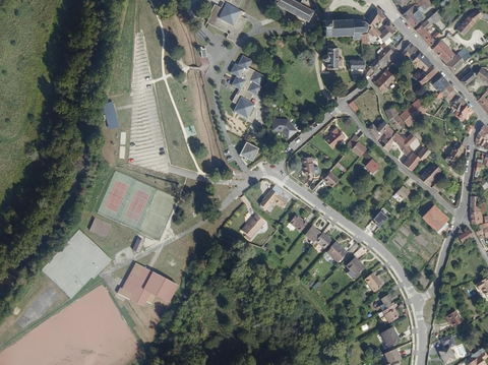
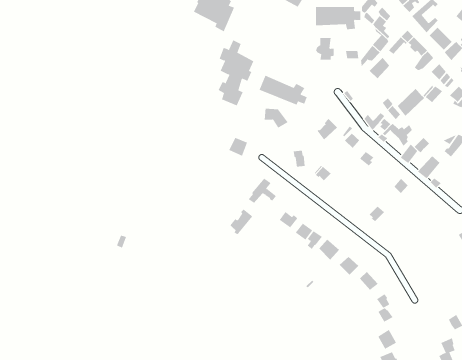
building: none -> [259,75,307,105]
building: [423,202,450,233] -> none
building: [118,260,180,305] -> none

